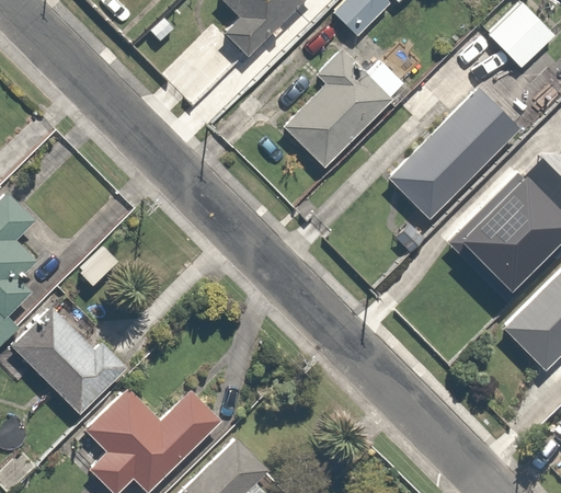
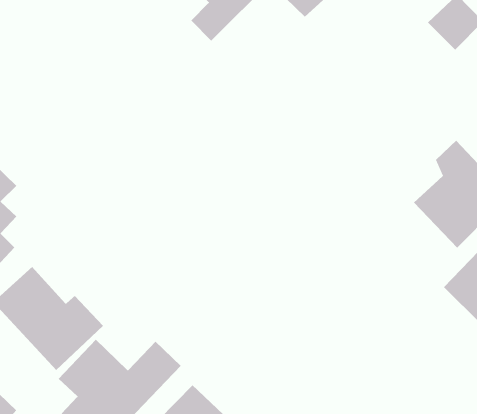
building: [288,43,393,162] -> none
building: [388,89,519,218] -> none

